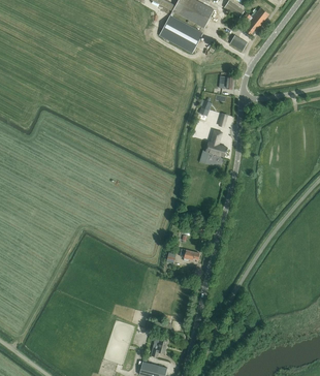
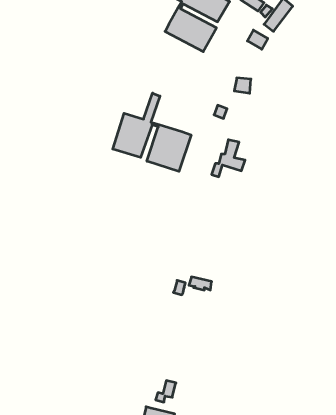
building: none -> [113,93,191,171]

